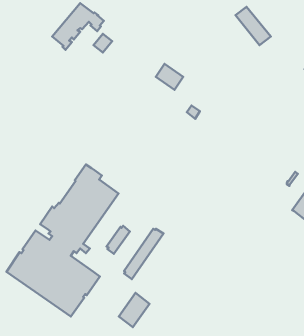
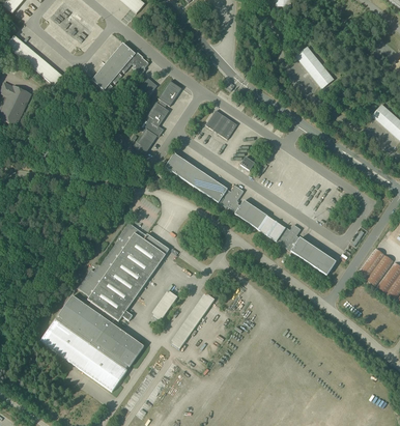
building: none -> [134,80,181,152]
building: none -> [165,152,336,274]
building: [119,293,149,327] -> none

